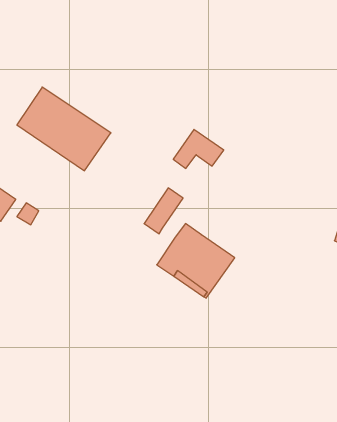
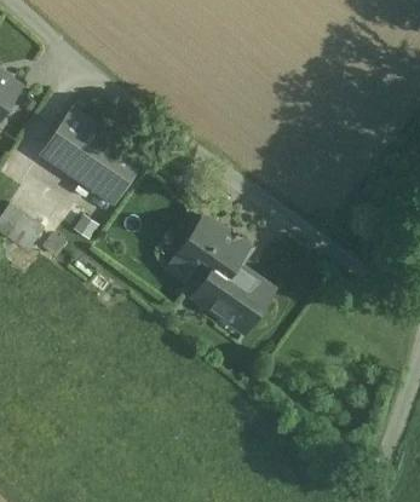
building: [173,129,224,168] -> [196,229,249,270]

